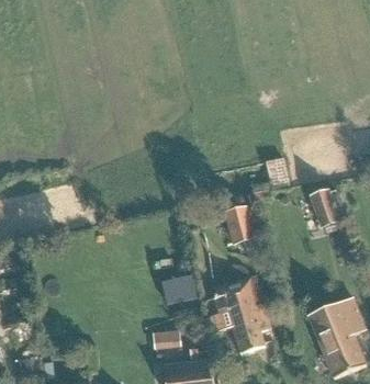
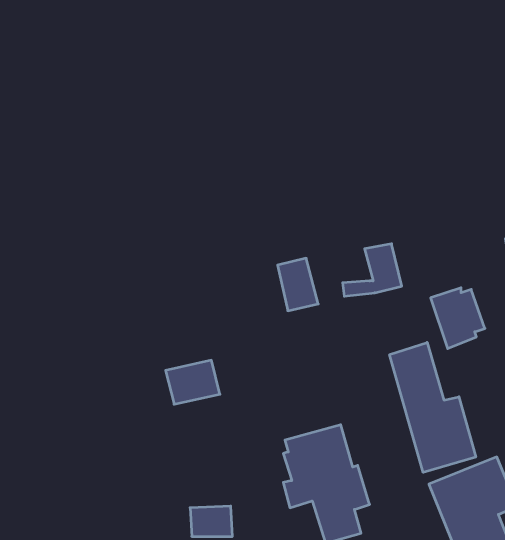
building: [228,207,255,241] -> [278,258,318,311]
building: none -> [390,342,476,472]
building: [162,274,198,303] -> [166,360,220,404]

